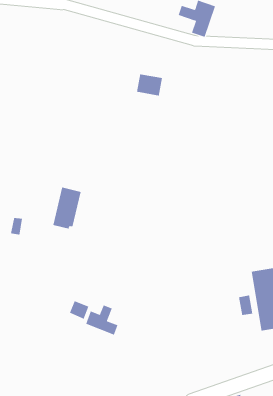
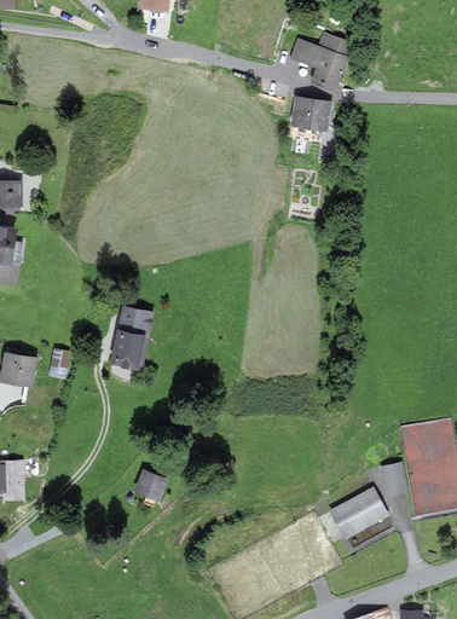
building: [136,74,163,96] -> [290,98,329,131]
building: [86,304,118,335] -> none
building: none -> [331,487,388,538]

